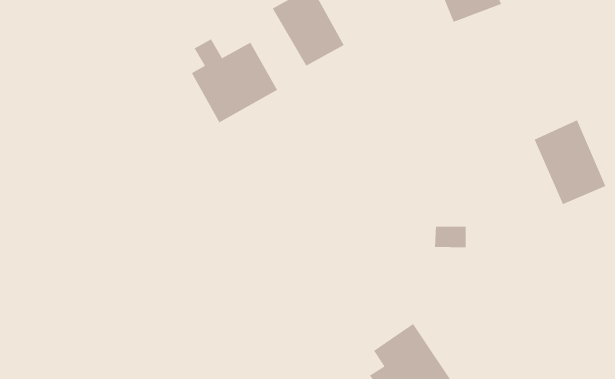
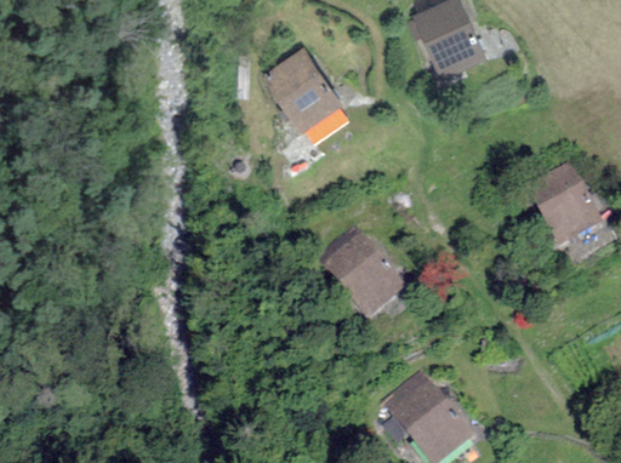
building: [191,38,278,123] -> none
building: none -> [317,227,404,316]

